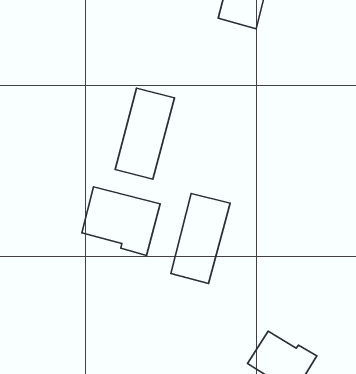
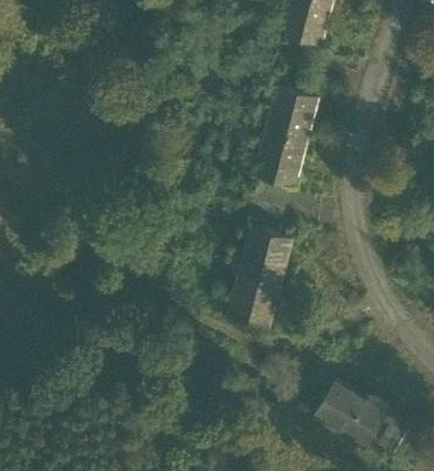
building: [115,88,175,179] -> [254,87,320,187]
building: [82,187,160,256] -> none

